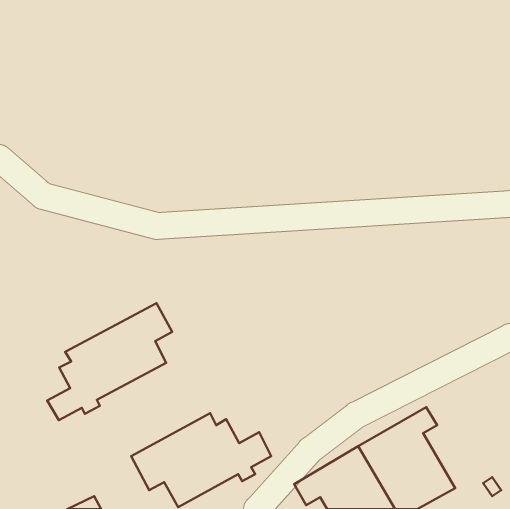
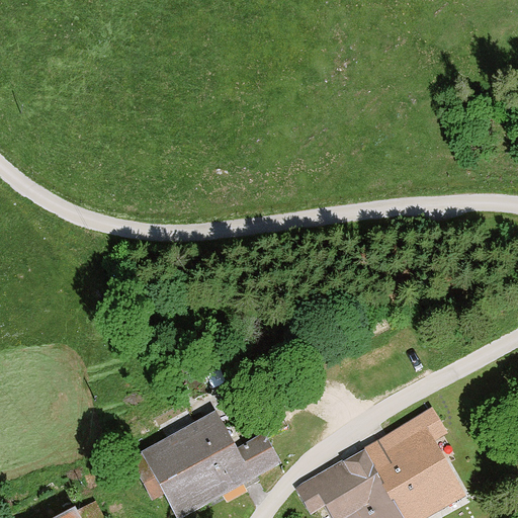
building: [47,303,172,420] -> none

